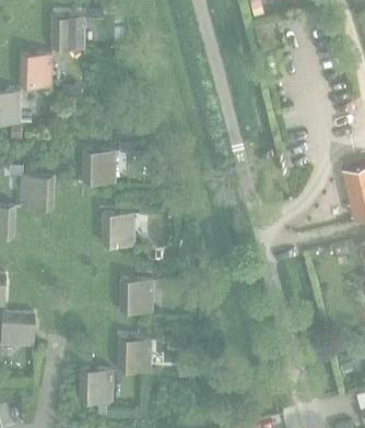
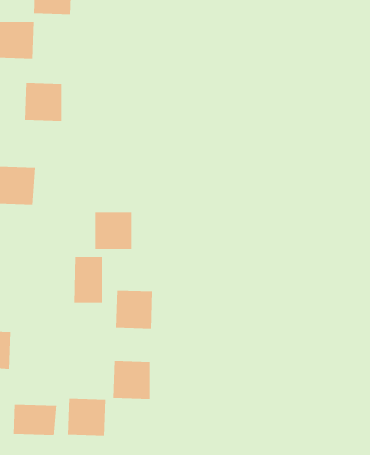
building: [82,152,114,185] -> [24,82,62,122]
building: none -> [74,256,103,304]
building: none -> [13,404,57,436]

